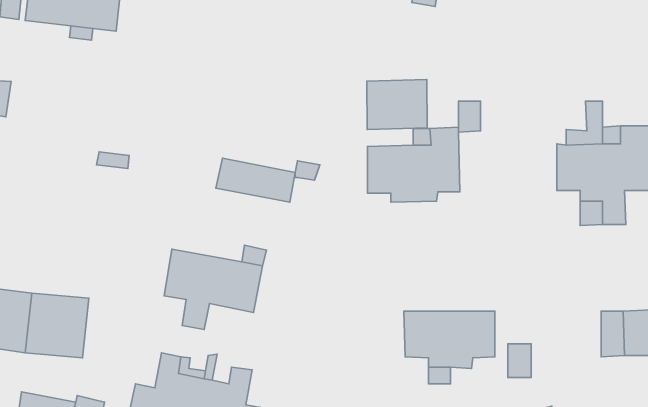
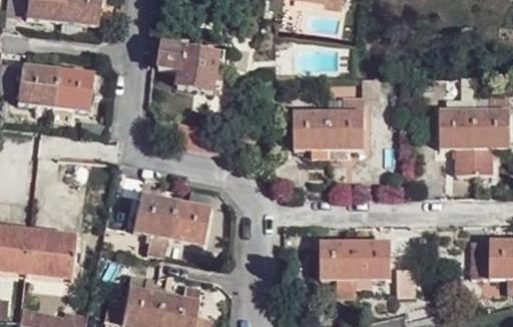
building: none -> [158,45,217,91]
building: [367,80,427,130] -> none
building: none -> [19,66,92,109]

